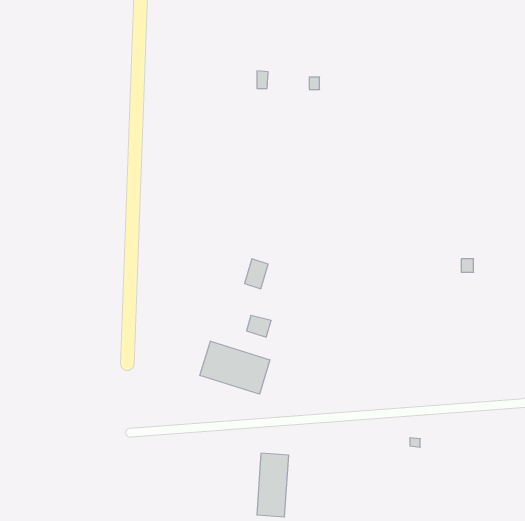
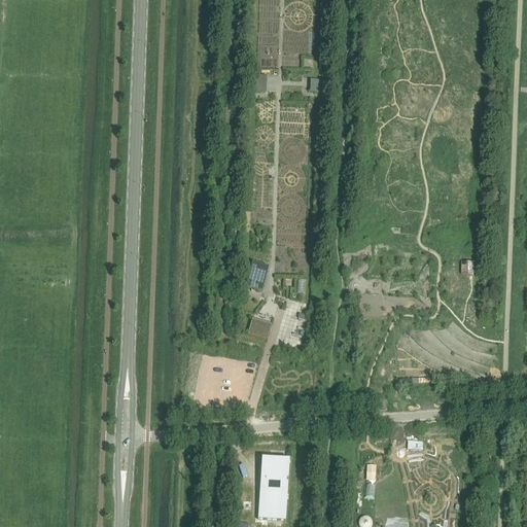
building: [200,341,270,394] -> none

